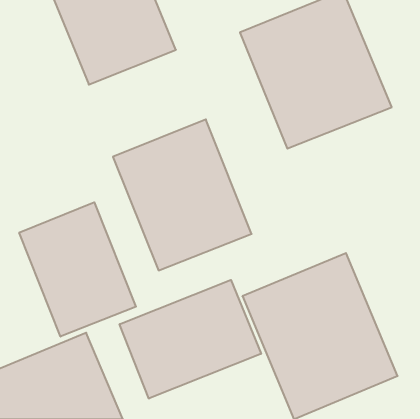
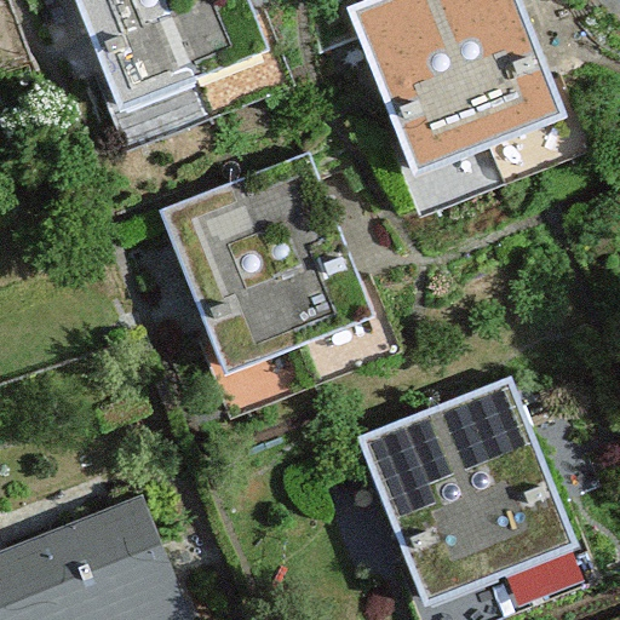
building: [19,202,136,337] -> none
building: [120,280,261,399] -> none

